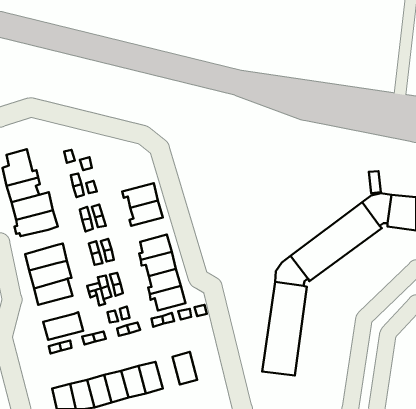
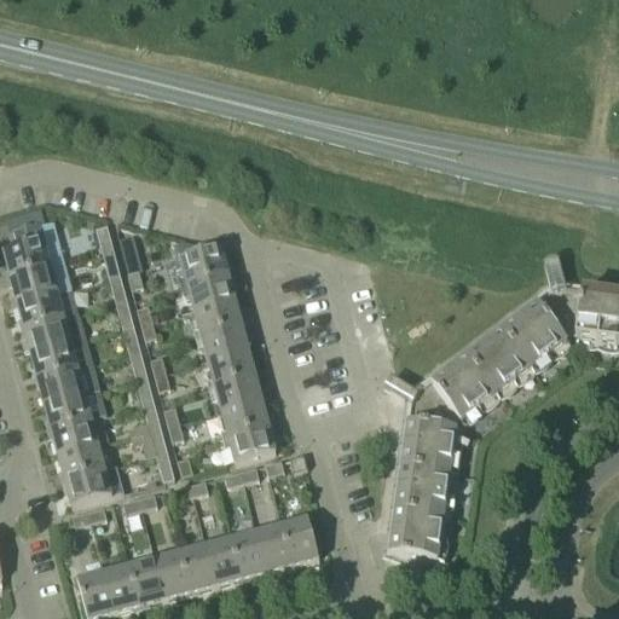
building: none -> [177,239,228,284]
building: none -> [195,323,248,359]
building: none -> [30,336,93,377]
building: none -> [57,441,110,478]
building: none -> [282,516,319,563]
building: none -> [231,530,267,577]

